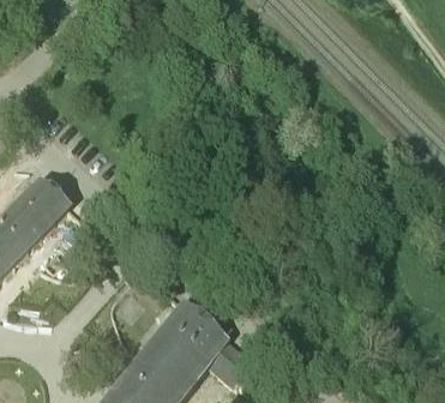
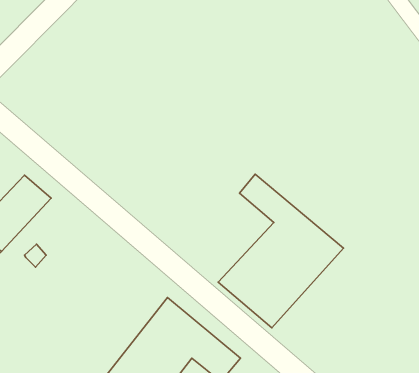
building: none -> [218,174,344,328]

